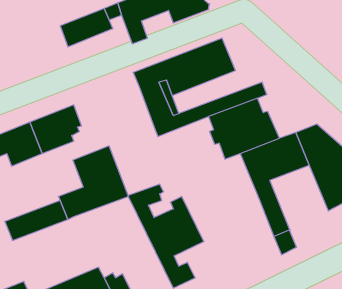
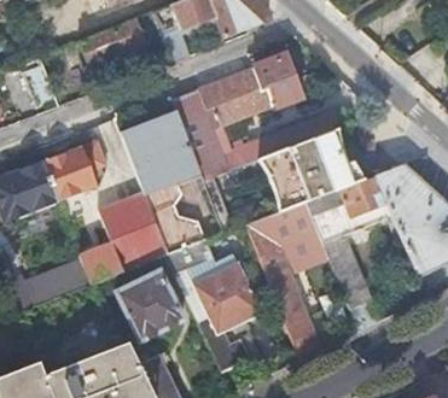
building: none -> [121,115,209,253]
building: none -> [248,200,331,358]
building: none -> [117,270,185,339]

